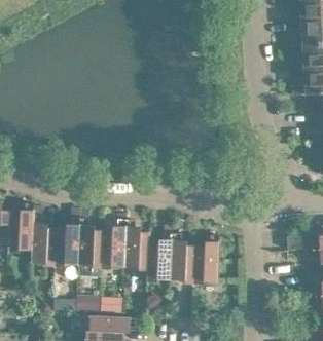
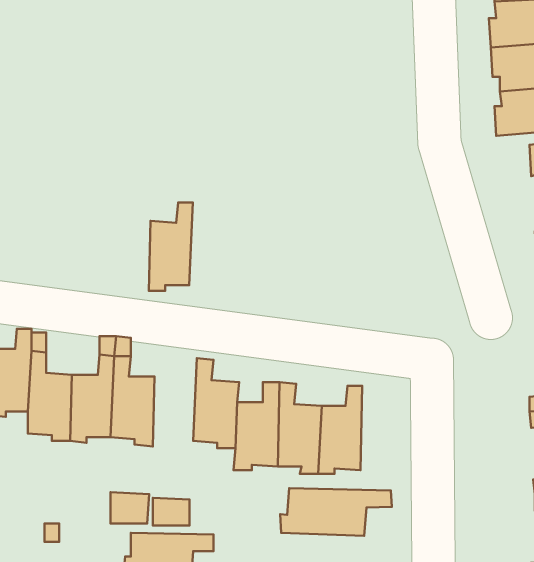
building: [102,219,127,268] -> [149,203,193,291]
building: none -> [280,488,392,536]

